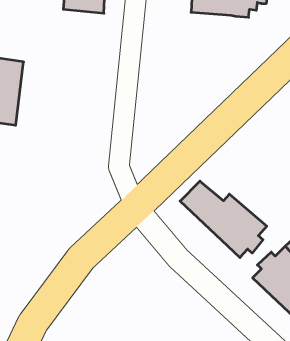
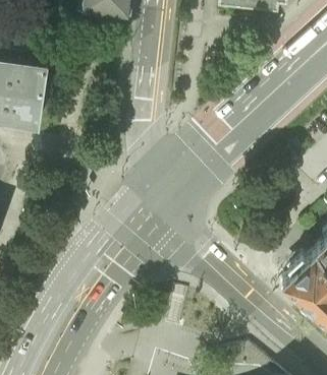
building: [180,181,267,258] -> none

